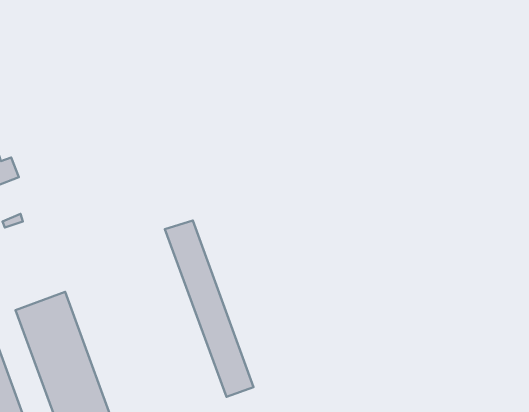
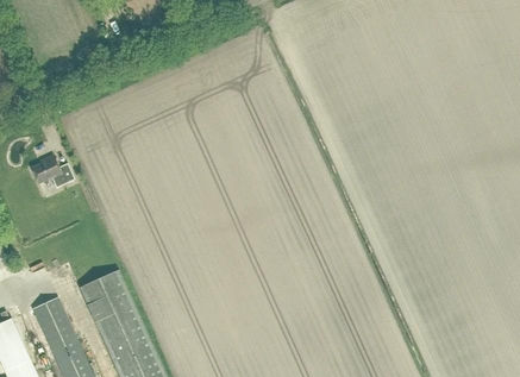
building: [165,221,254,397] -> none

